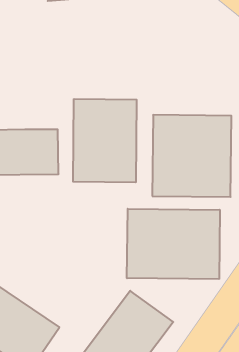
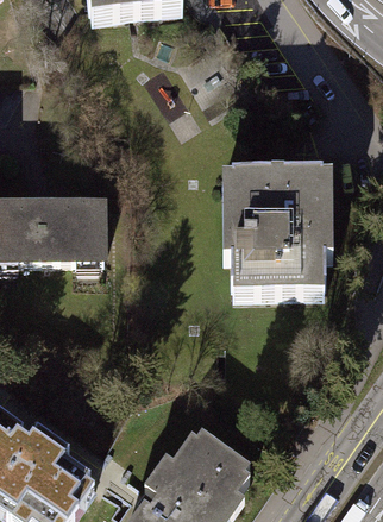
building: [73,99,137,182] -> none
building: [127,209,220,279] -> none

